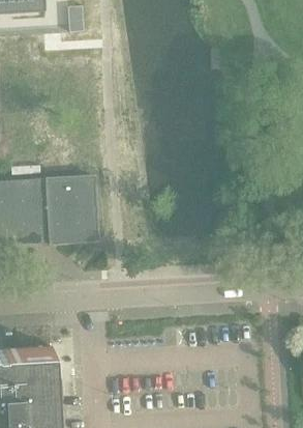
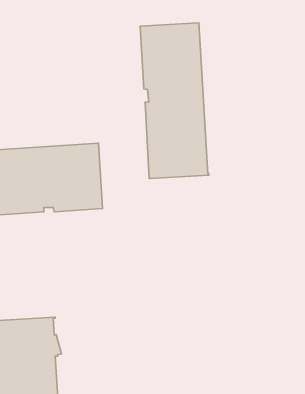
building: none -> [140,23,209,179]

